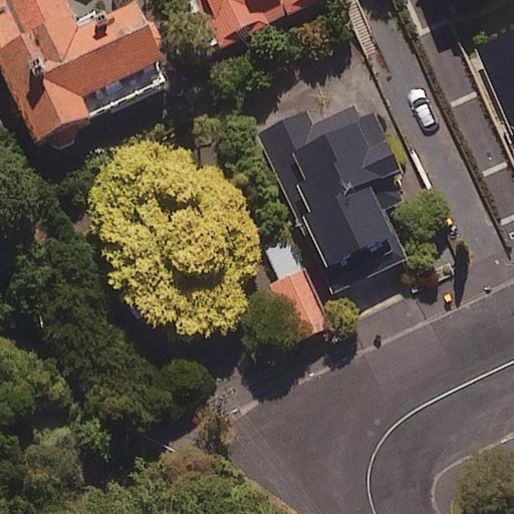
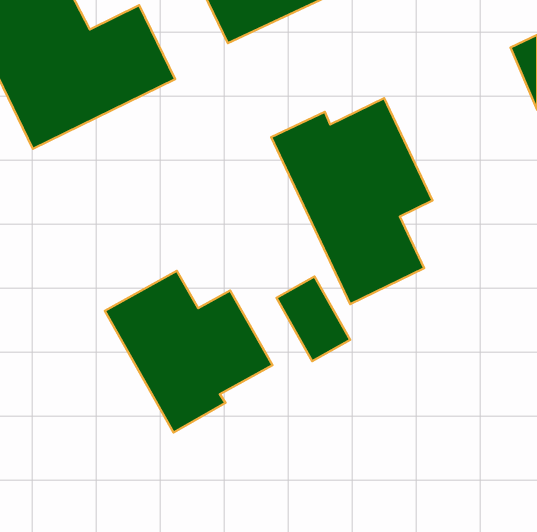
building: none -> [105,271,272,432]

